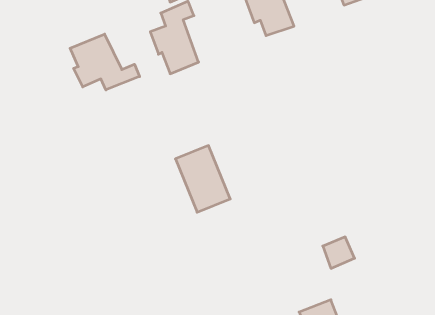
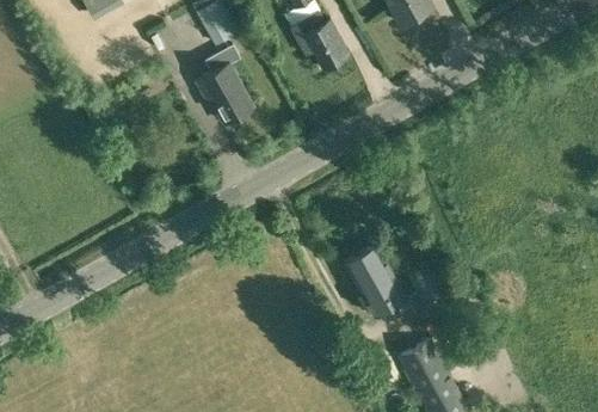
building: [70,34,140,90] -> none
building: [175,146,230,212] -> [343,244,407,316]

